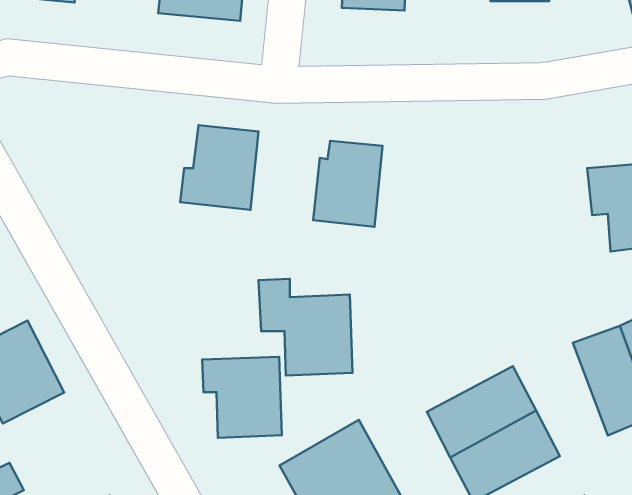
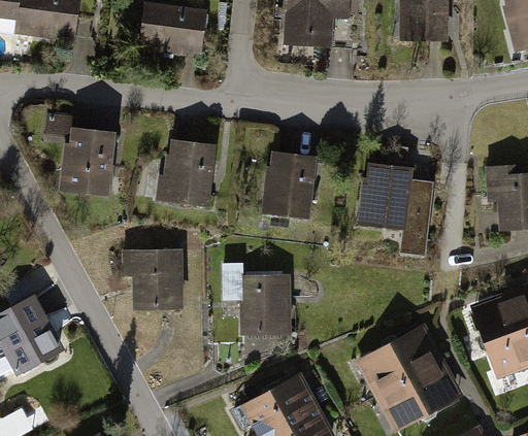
building: none -> [40,112,119,196]
building: none -> [356,168,431,263]
building: [202,357,282,438] -> [123,246,186,310]

